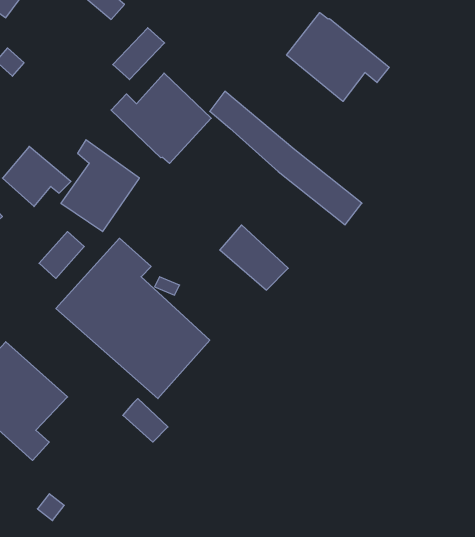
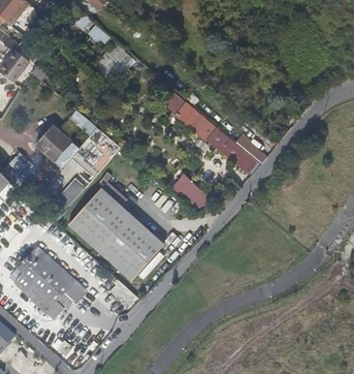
building: [287,13,389,101] -> none
building: [111,73,211,163] -> none
building: none -> [56,280,87,309]

